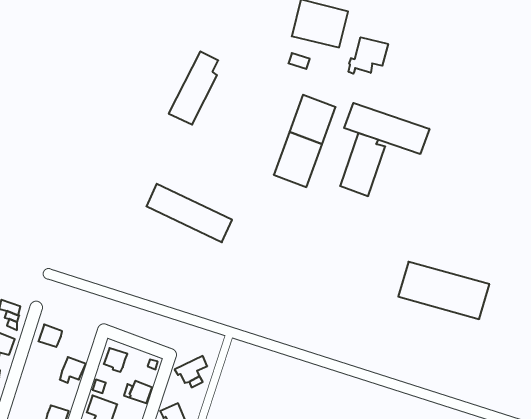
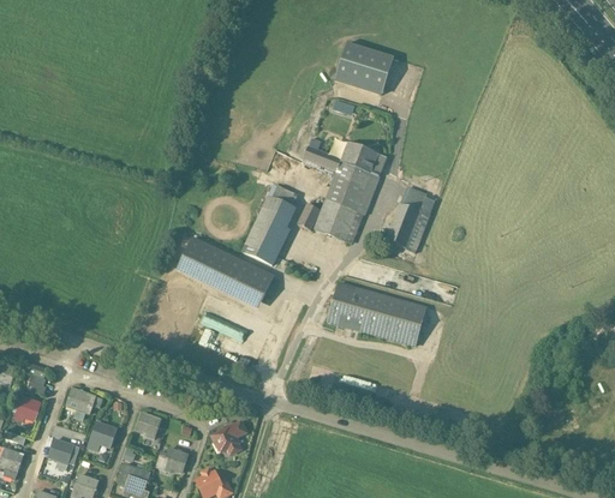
building: [349,37,388,74] -> none
building: [169,51,218,125] -> [243,184,295,262]
building: [344,103,429,154] -> none
building: [398,262,489,319] -> [328,283,425,344]
building: none -> [48,439,79,470]

